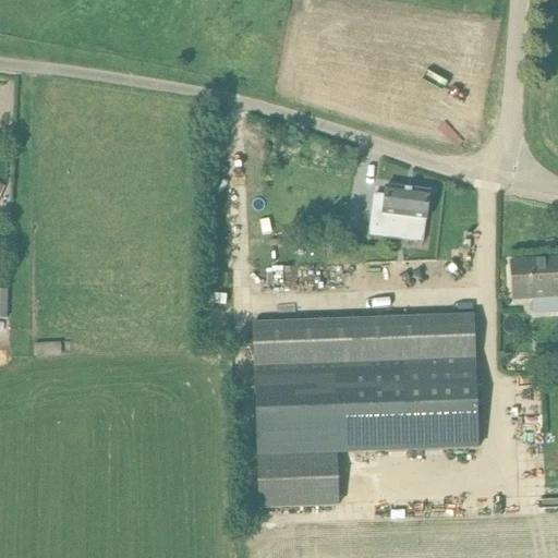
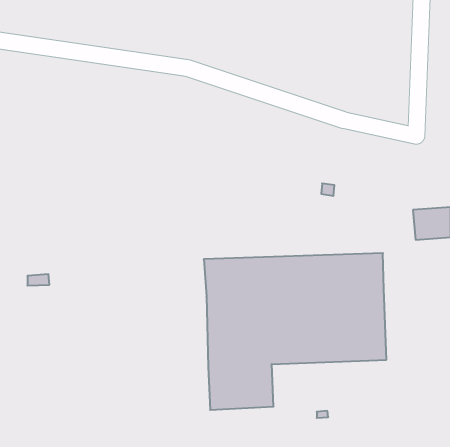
building: [371,184,430,230] -> none

